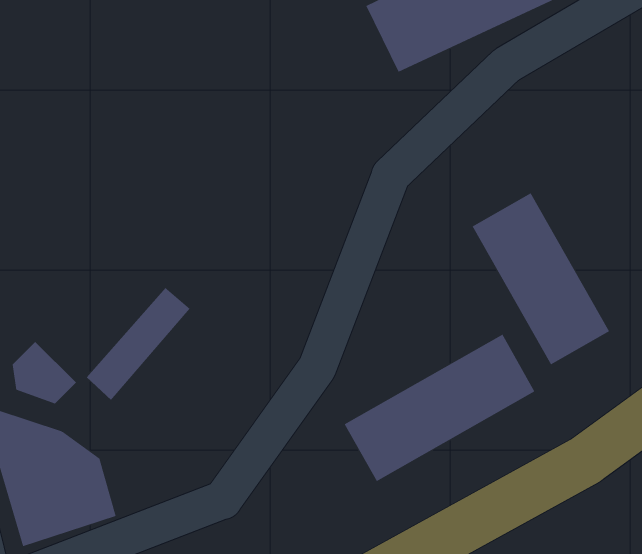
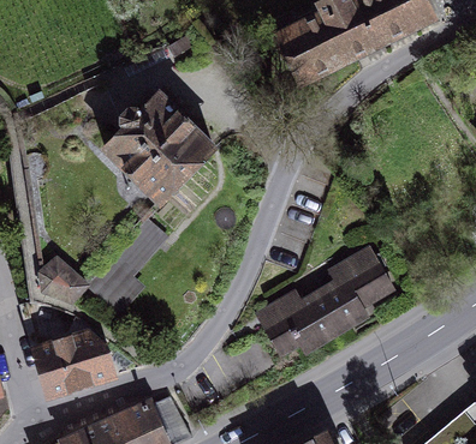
building: none -> [103,94,212,202]
building: [472,193,610,365] -> none

